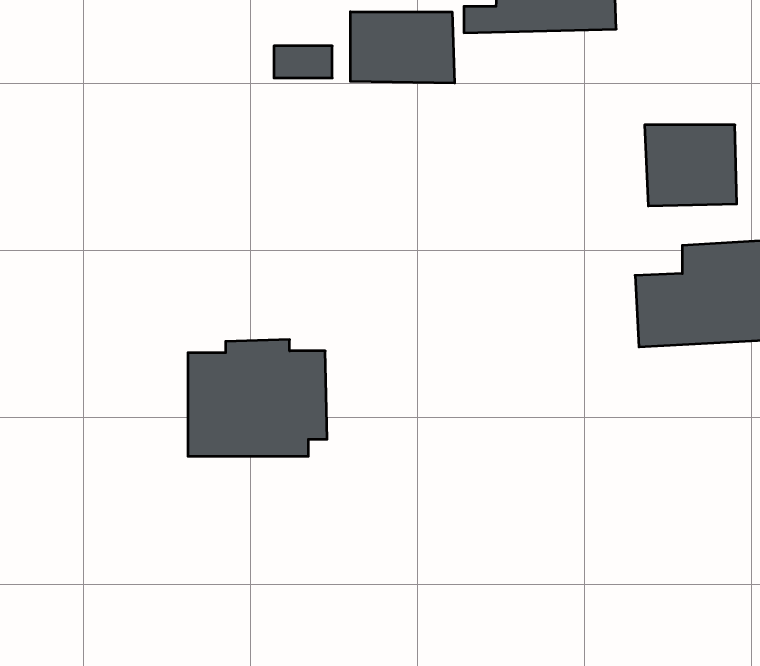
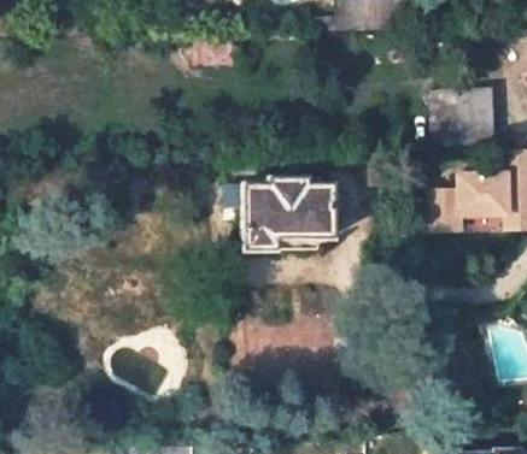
building: [350,12,455,83] -> none
building: [188,340,327,456] -> [244,176,333,250]

